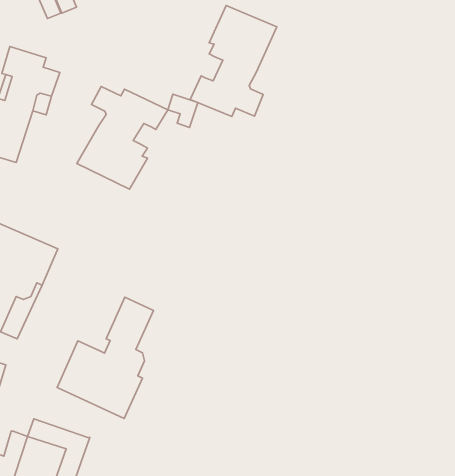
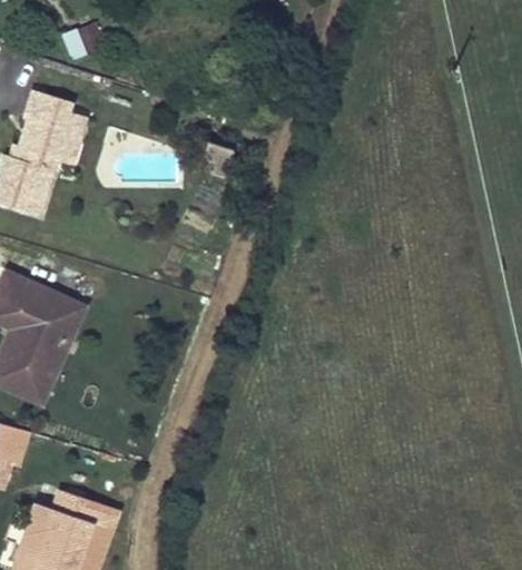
building: [190,6,277,116] -> none
building: [77,86,168,189] -> none
building: [57,297,154,418] -> none

